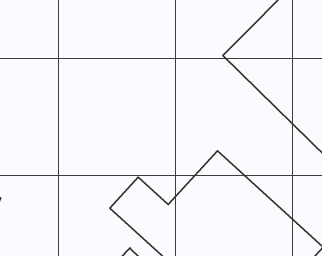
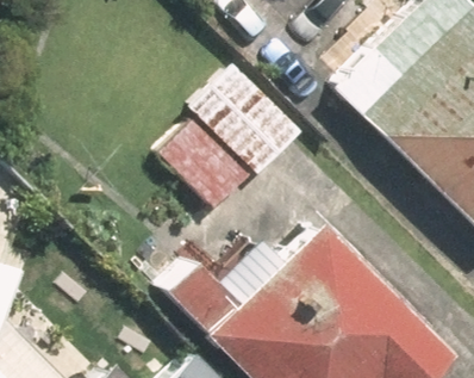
building: none -> [164,61,295,205]

